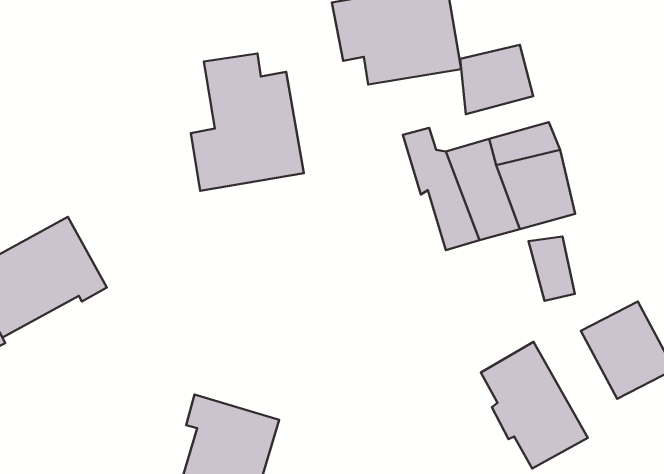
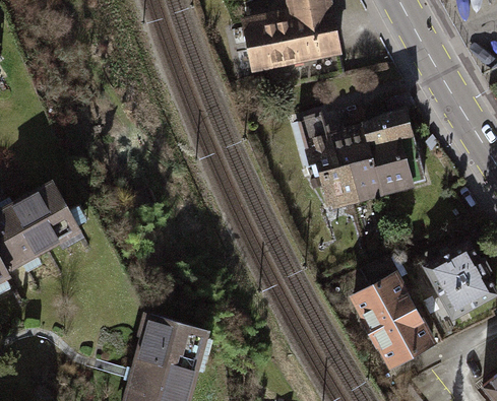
building: [460,45,533,114] -> none
building: [191,54,304,191] -> none
building: [528,237,575,301] -> none

